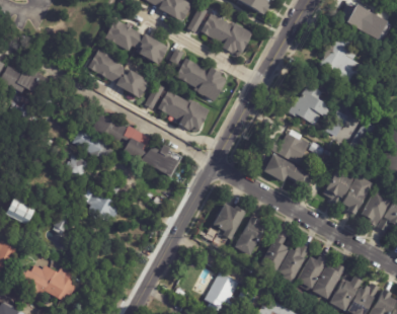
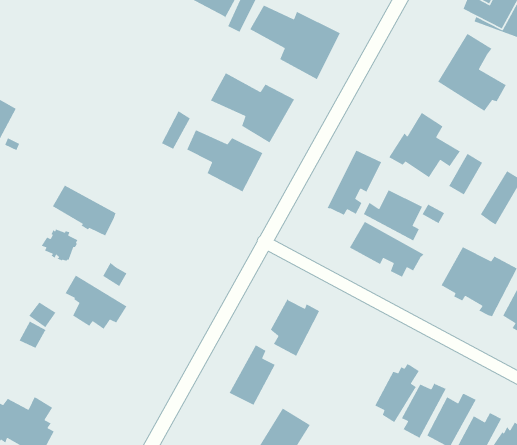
building: [105,19,169,66] -> none
building: [88,50,150,98] -> none
building: none -> [326,150,382,216]
building: [92,113,183,180] -> none
building: [235,214,265,253] -> [229,344,276,406]
building: [261,230,288,269] -> none

